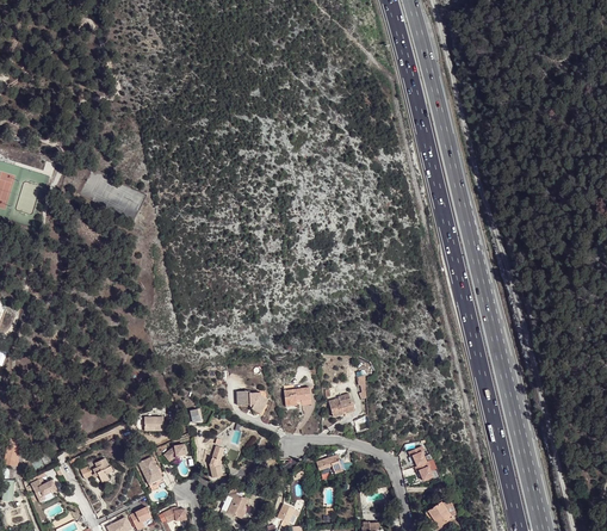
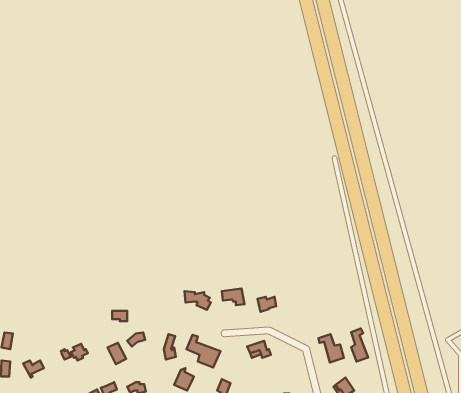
building: none -> [351,328,368,361]
building: none -> [187,335,220,367]

